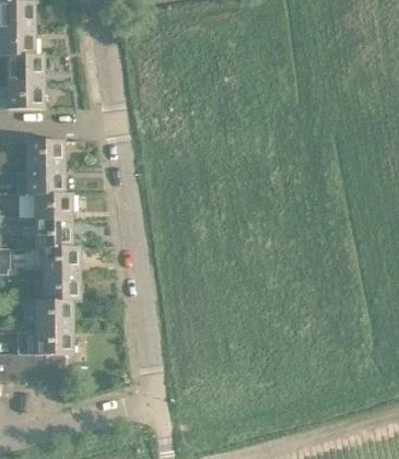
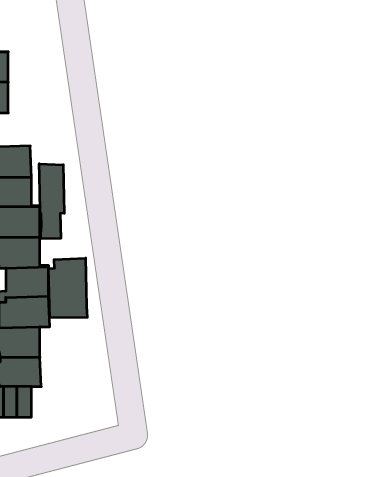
building: none -> [39,164,64,239]
building: none -> [49,258,87,318]

